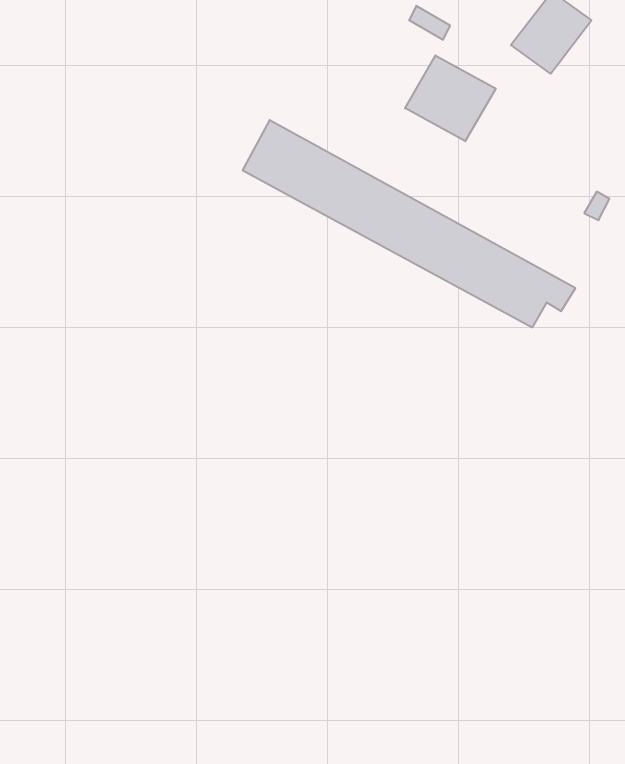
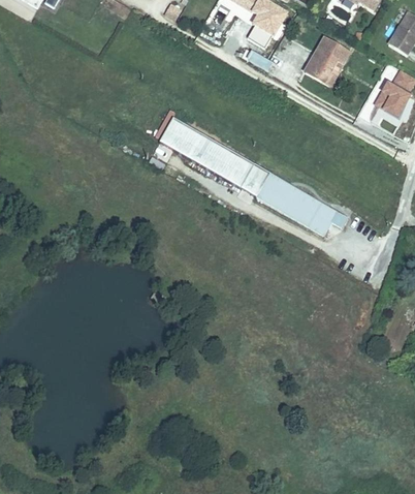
building: [405,55,496,141] -> none

